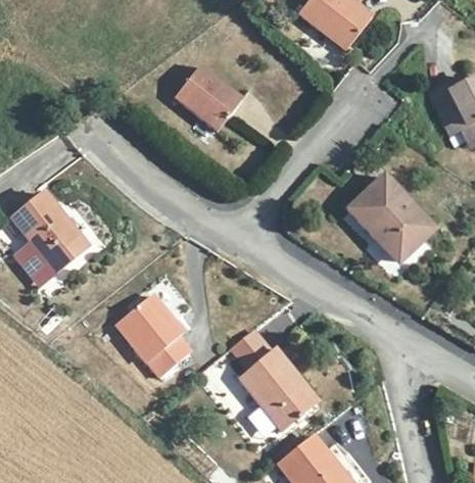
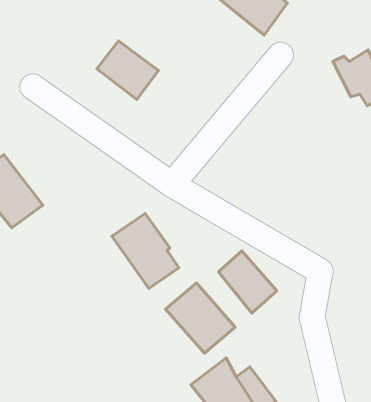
building: [347,180,437,262] -> none
building: [115,284,191,369] -> [112,214,179,289]
building: none -> [219,251,277,313]

